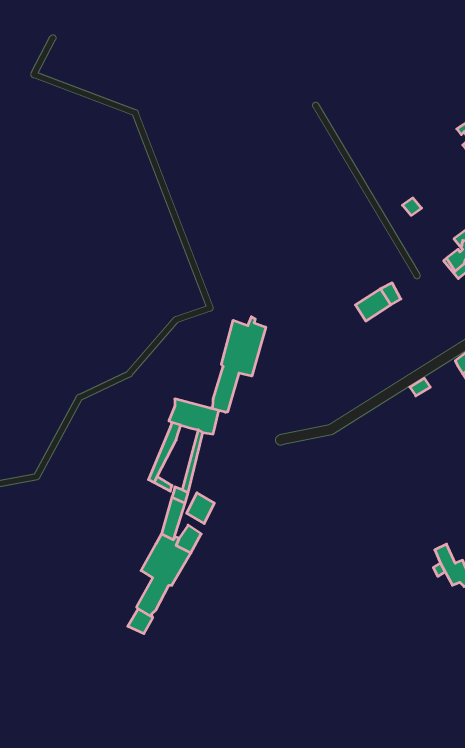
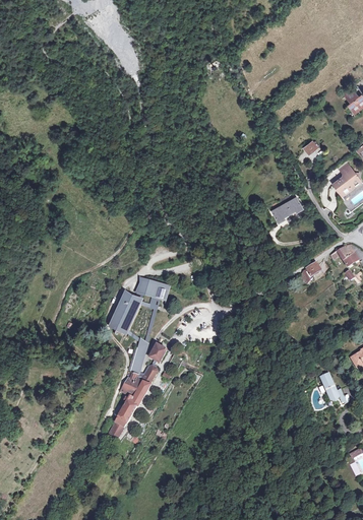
building: [210,317,266,412] -> none
building: none -> [111,289,139,332]

